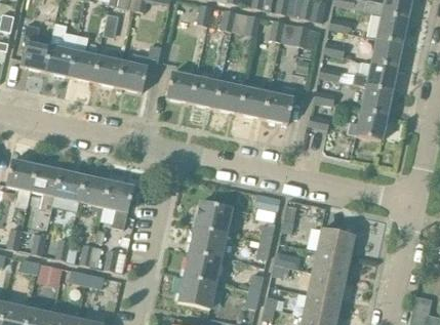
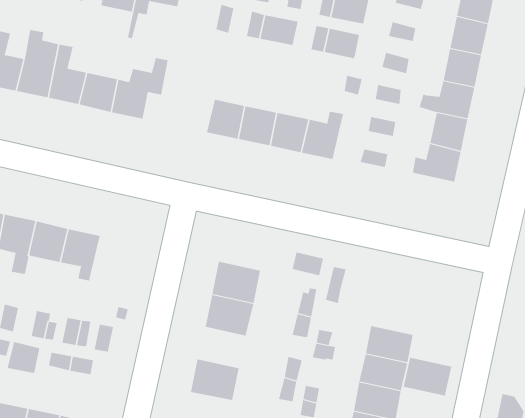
building: [165,72,196,103] -> none
building: [103,181,132,229] -> none
building: [316,228,354,257] -> [403,357,452,396]
building: [183,251,221,283] -> none

